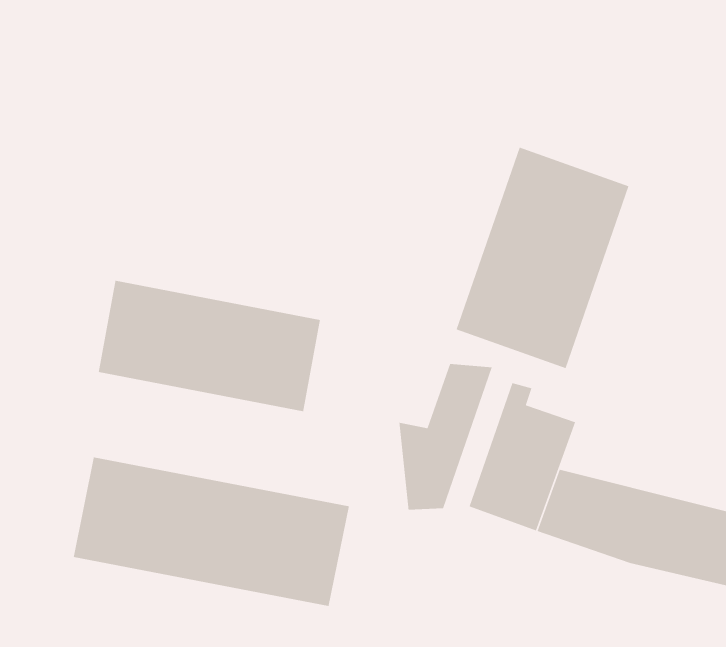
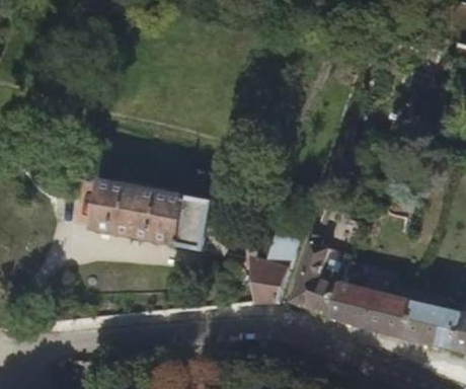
building: [455,147,630,369] -> none
building: [73,456,350,607] -> none

